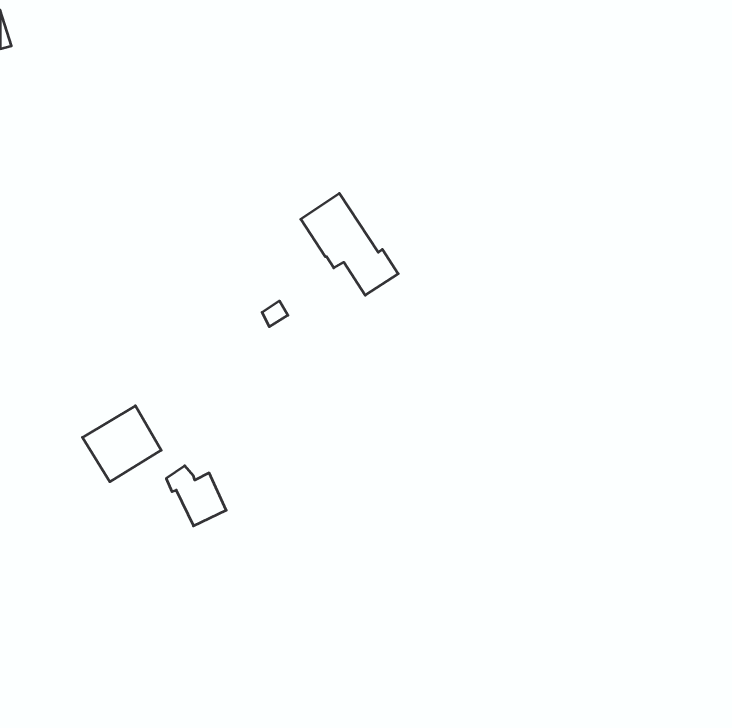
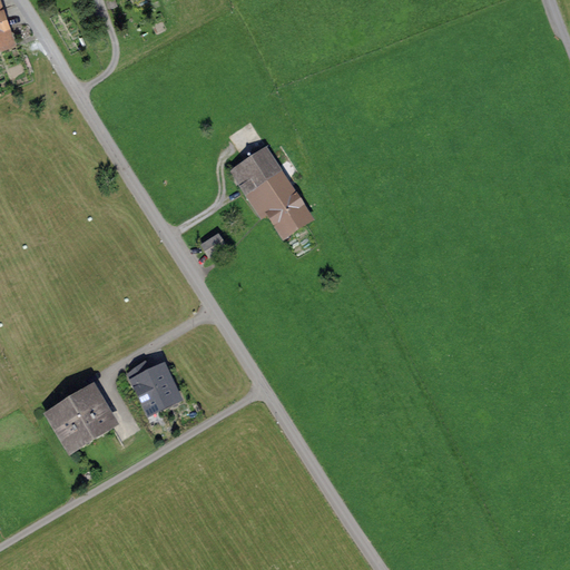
building: [82,406,161,482] -> [51,390,112,449]

